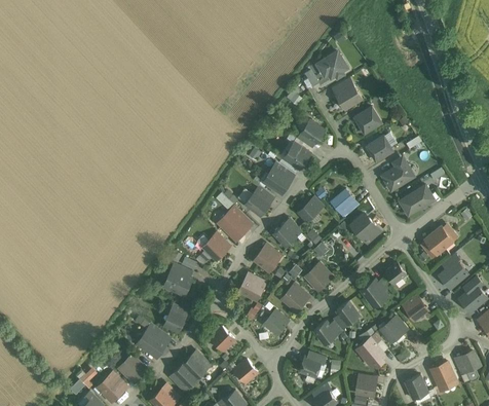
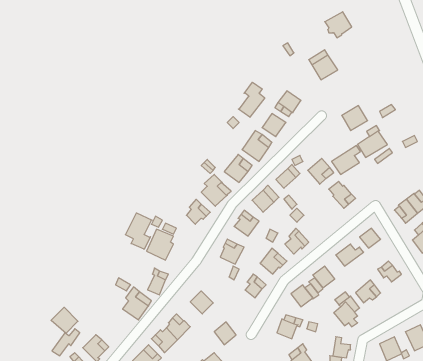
building: [318,53,346,80] -> [325,12,352,38]
building: [353,108,381,135] -> none
building: none -> [238,82,265,117]
building: [399,186,428,216] -> [332,145,360,174]
building: none -> [125,213,152,249]
building: [118,355,146,381] -> [51,307,78,333]

